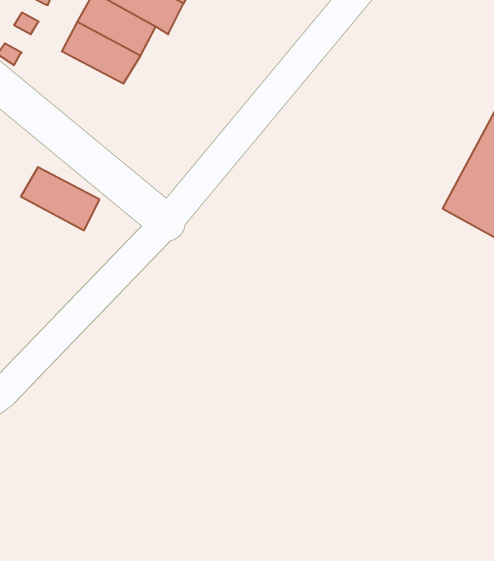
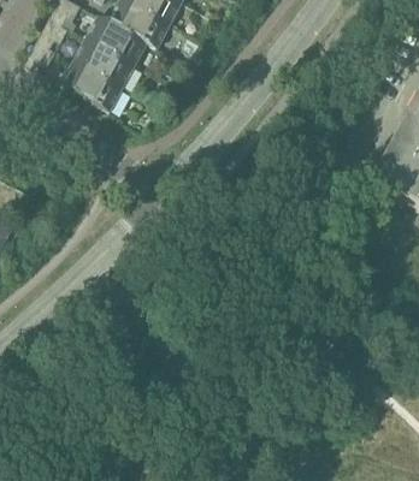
building: [21,167,99,230] -> [63,58,124,107]

